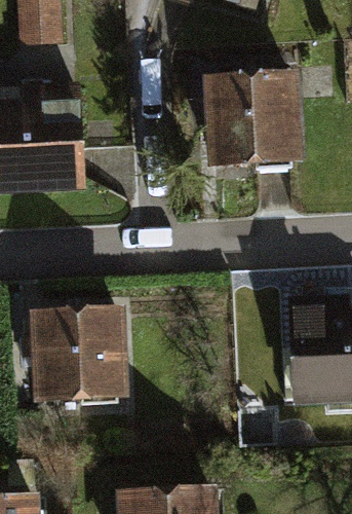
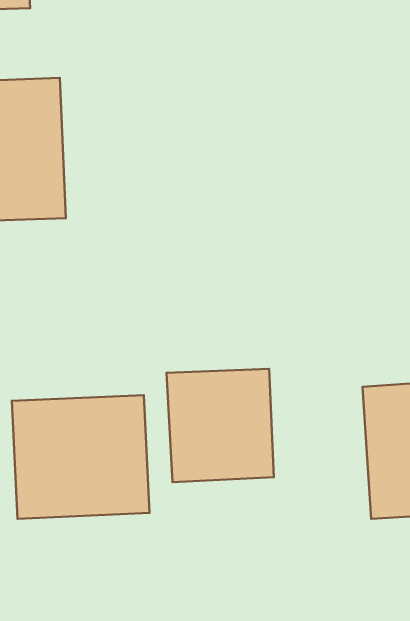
building: [205,74,291,164] -> none
building: none -> [166,369,274,482]

